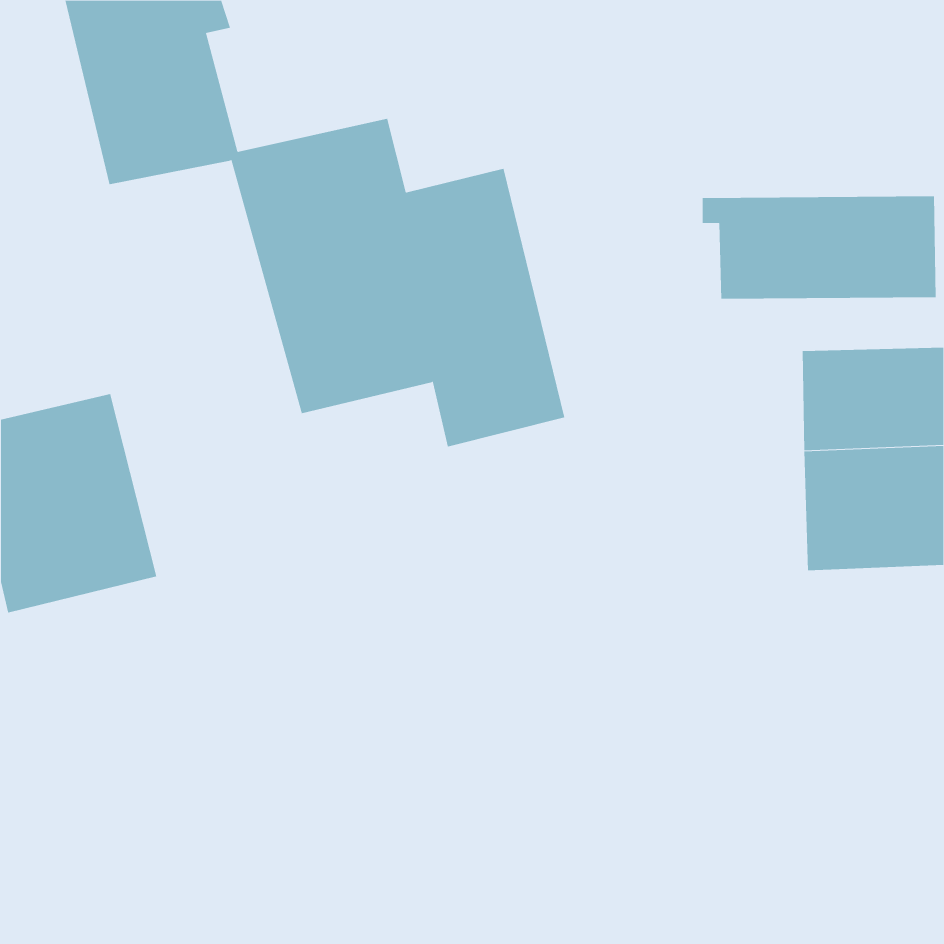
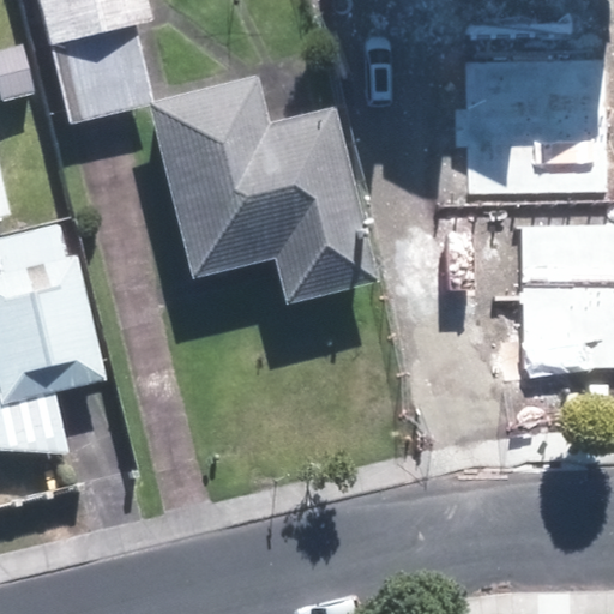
building: none -> [456,61,607,128]

